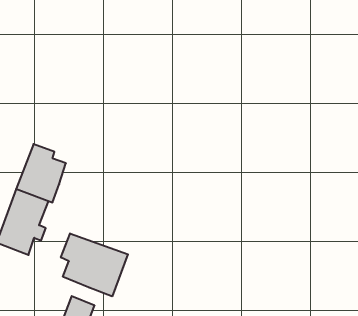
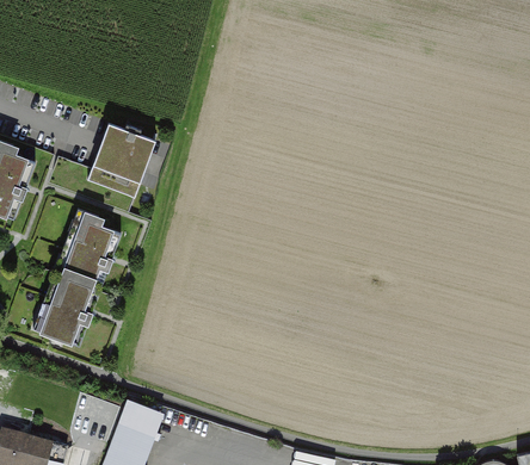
building: none -> [88,122,159,197]
building: [61,233,128,296] -> none

